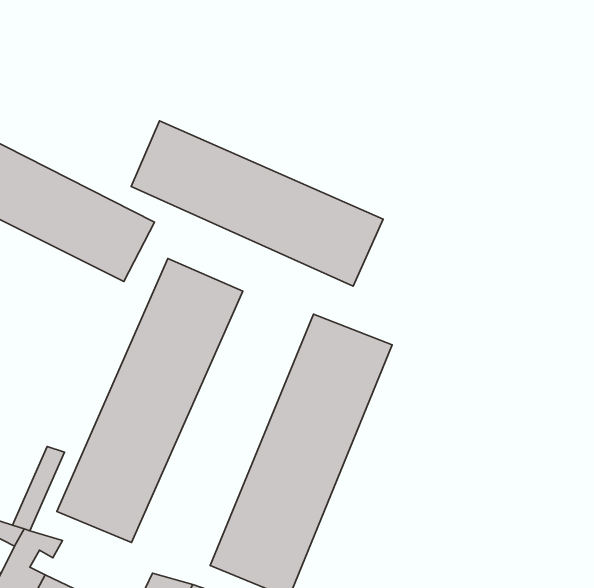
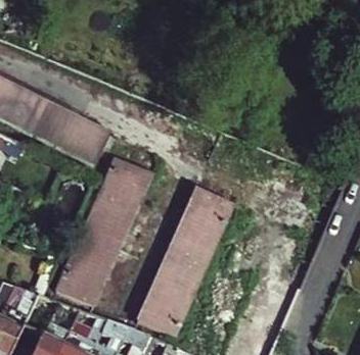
building: [131,121,383,286] -> none

